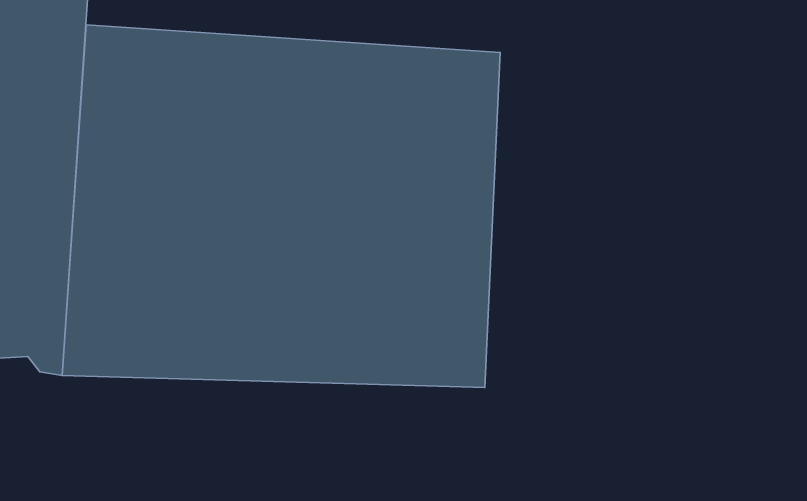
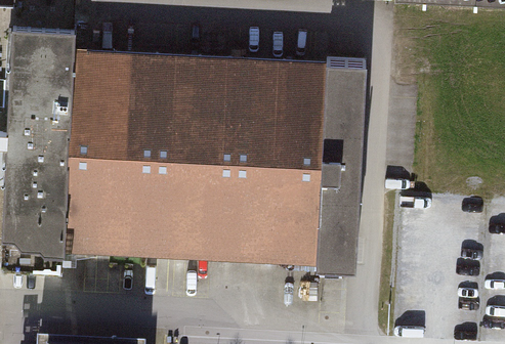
building: none -> [307,61,365,263]

